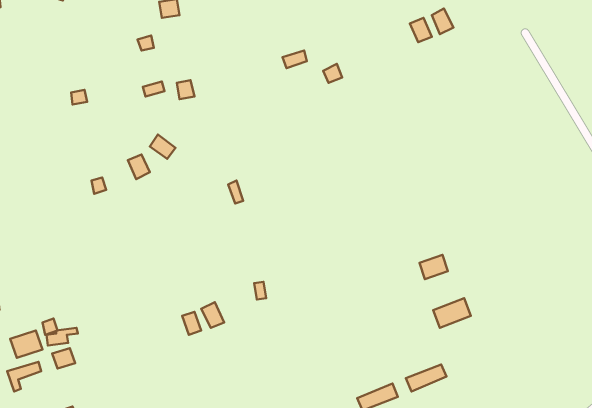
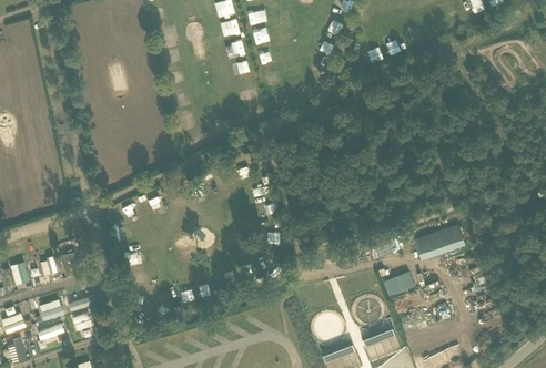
building: none -> [415,225,465,260]

